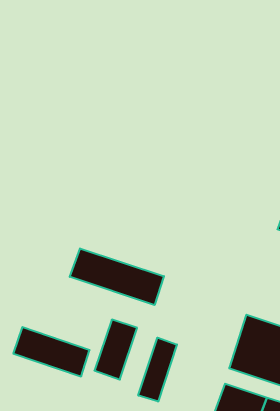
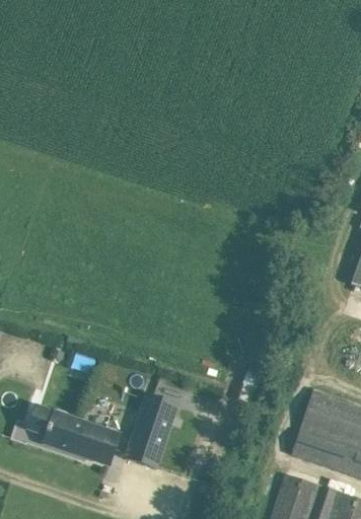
building: [70,248,164,305] -> none
building: [138,338,177,402] -> none

